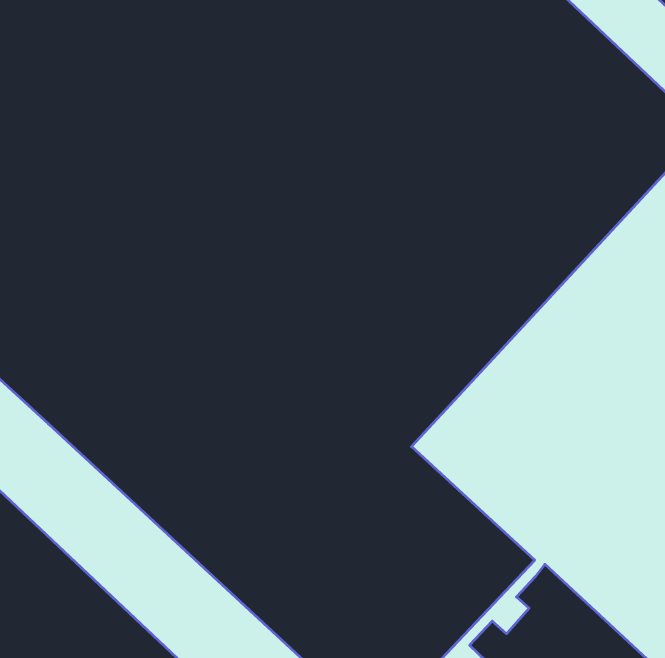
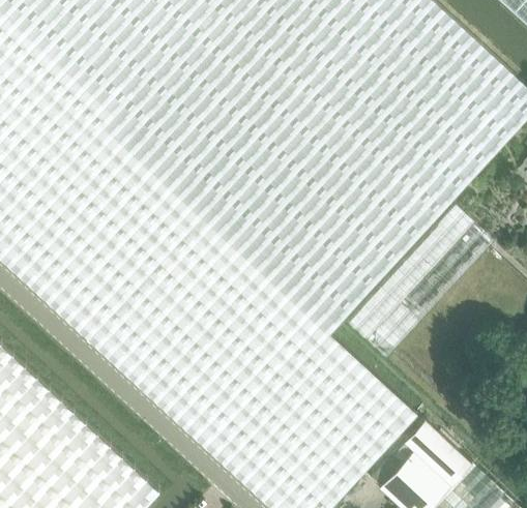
building: none -> [344,202,493,354]

